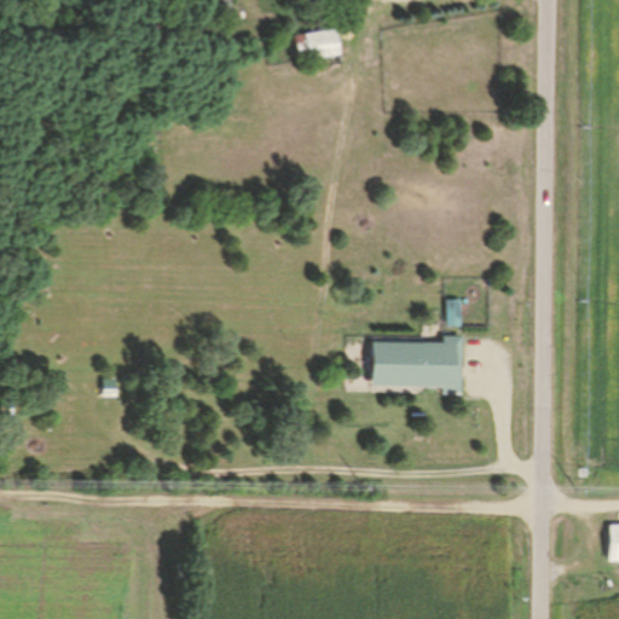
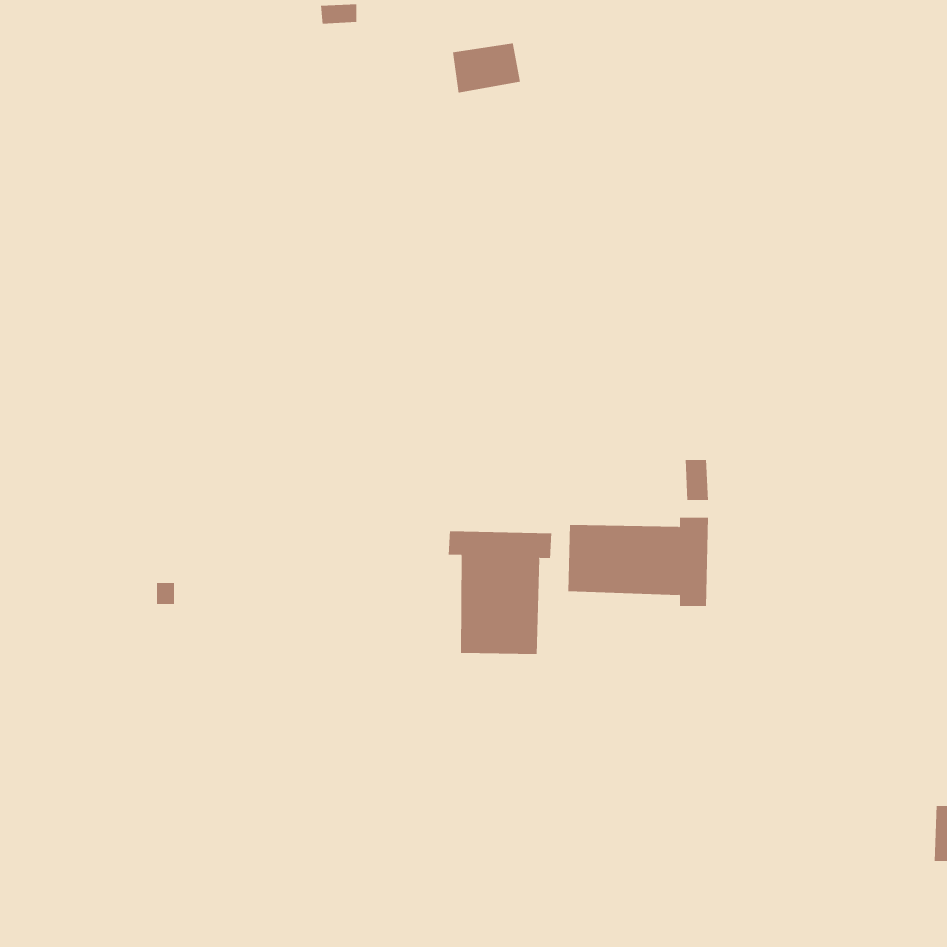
building: none -> [448,531,552,655]

